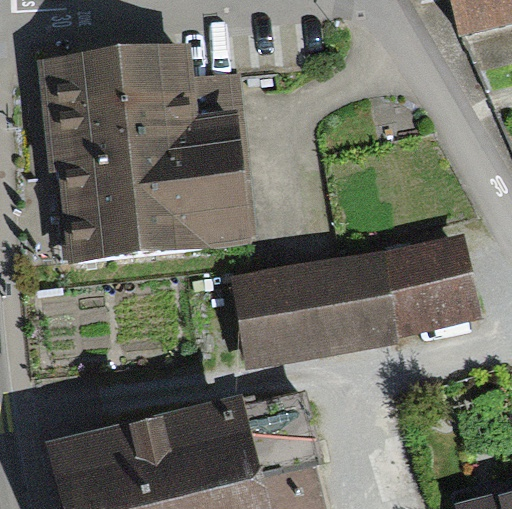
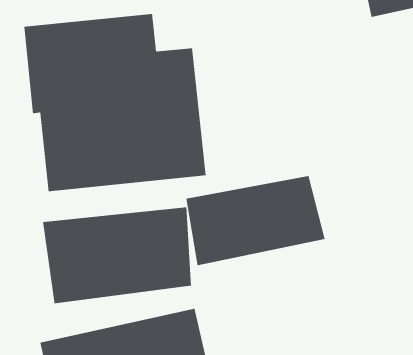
building: [383,230,482,327] -> none
building: none -> [43,207,192,304]

